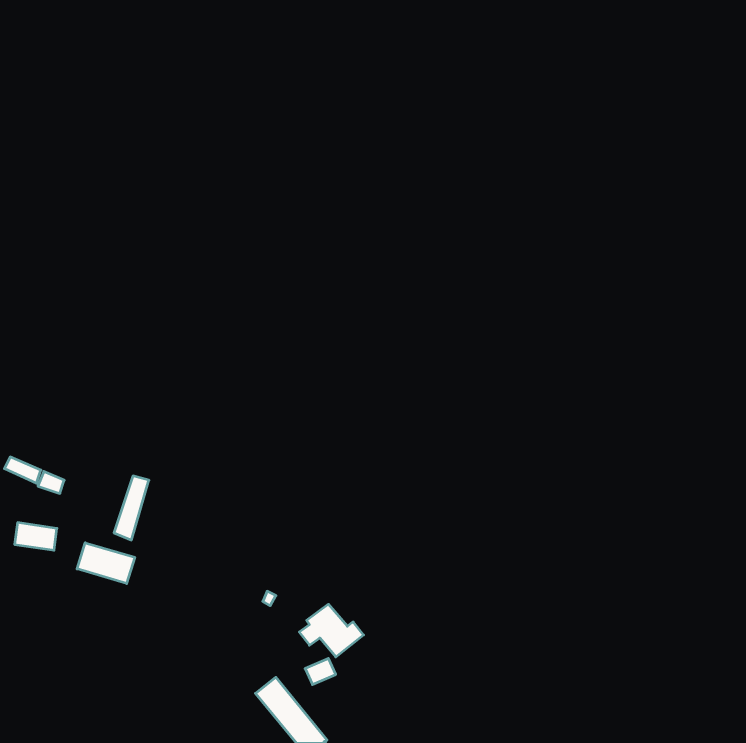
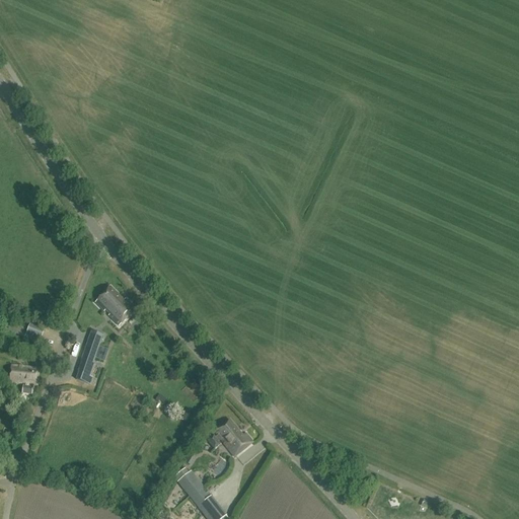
building: none -> [95,286,136,324]
building: [77,543,135,584] -> none

